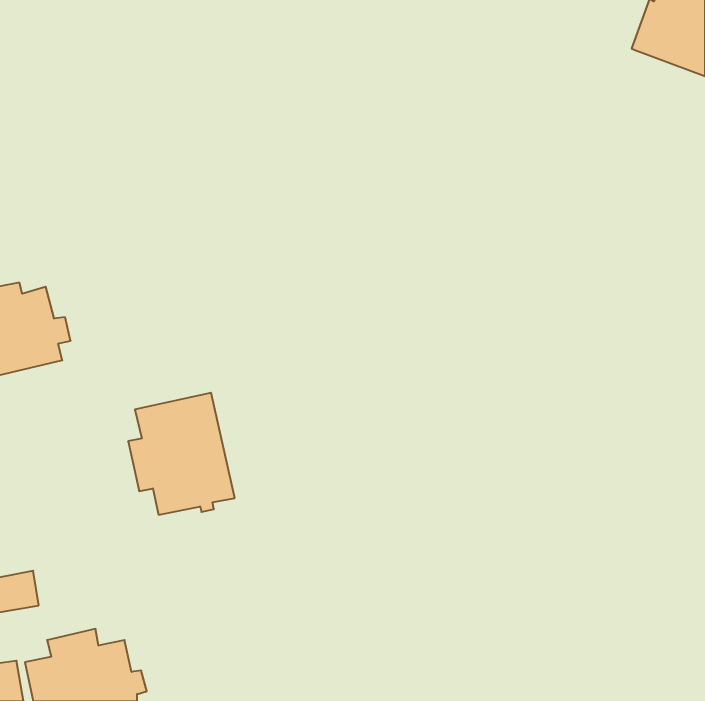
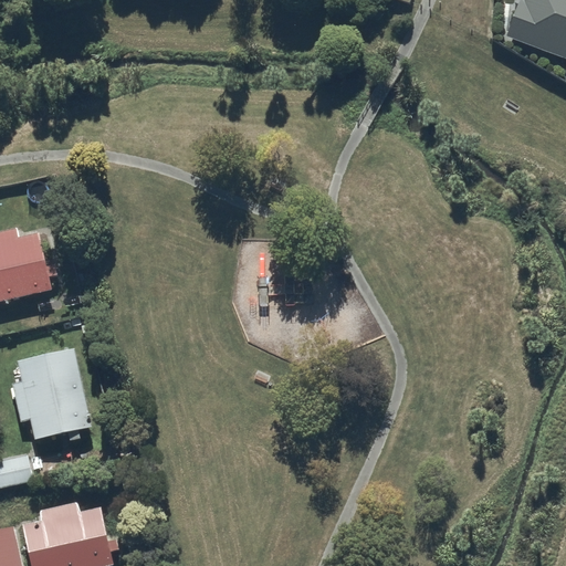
building: [128,393,235,515] -> [10,347,95,444]

